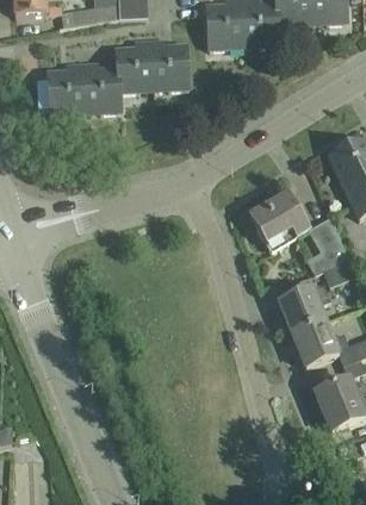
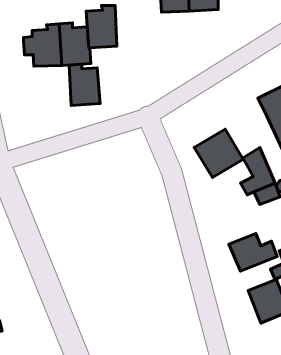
building: [150,38,188,89] -> [69,64,100,106]
building: [278,283,329,333] -> none

